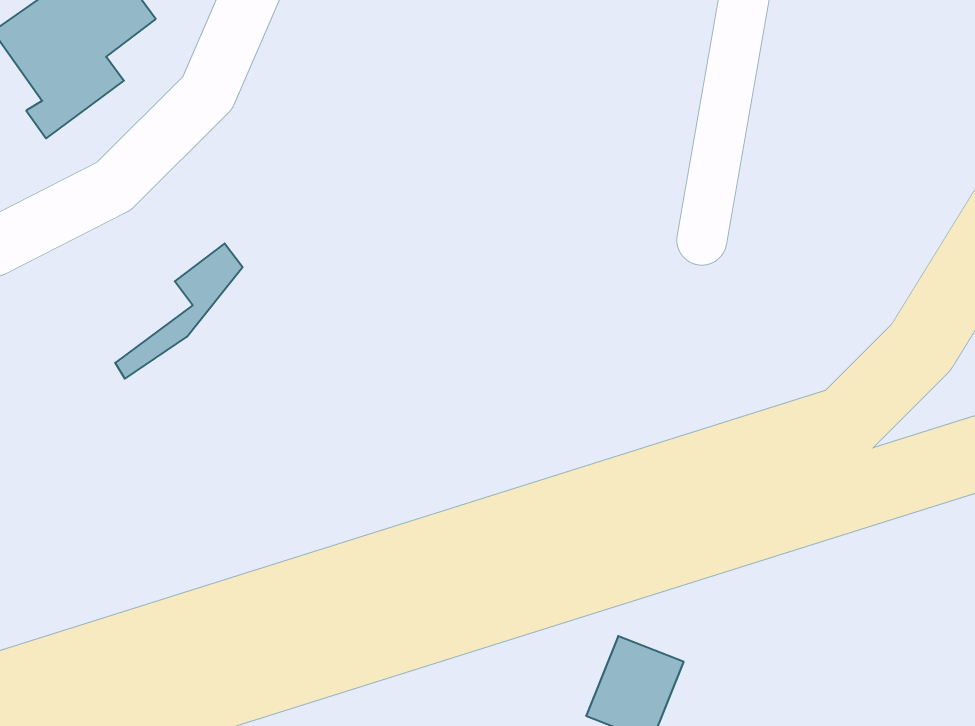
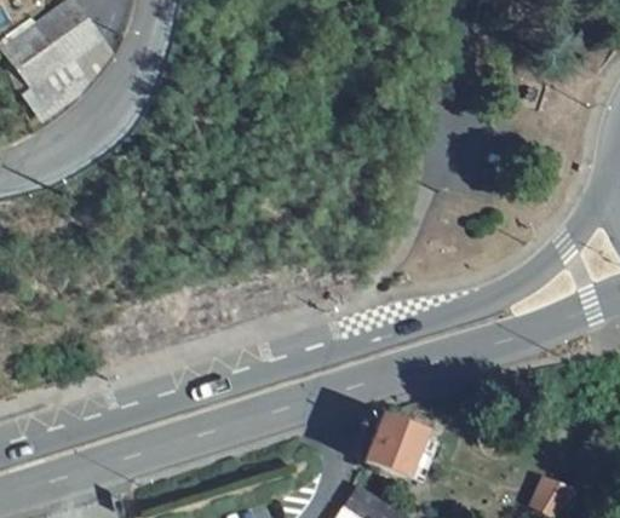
building: [115,243,243,379] -> [36,38,114,120]

